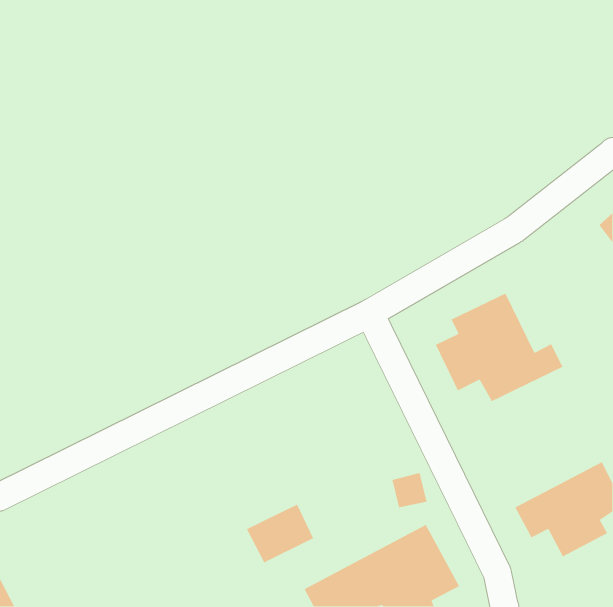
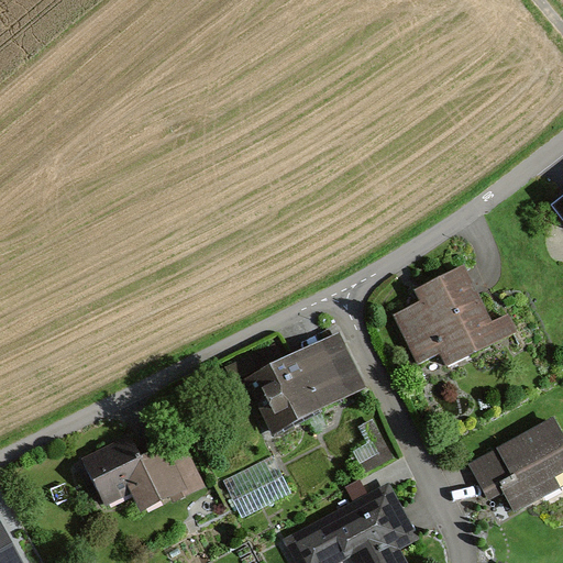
building: none -> [245,334,363,432]
building: none -> [78,435,200,517]

